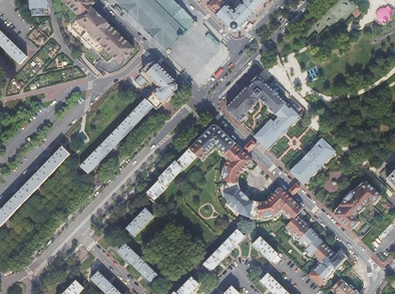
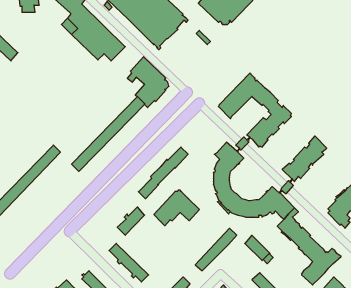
building: [189,123,235,159] -> [154,190,199,226]

